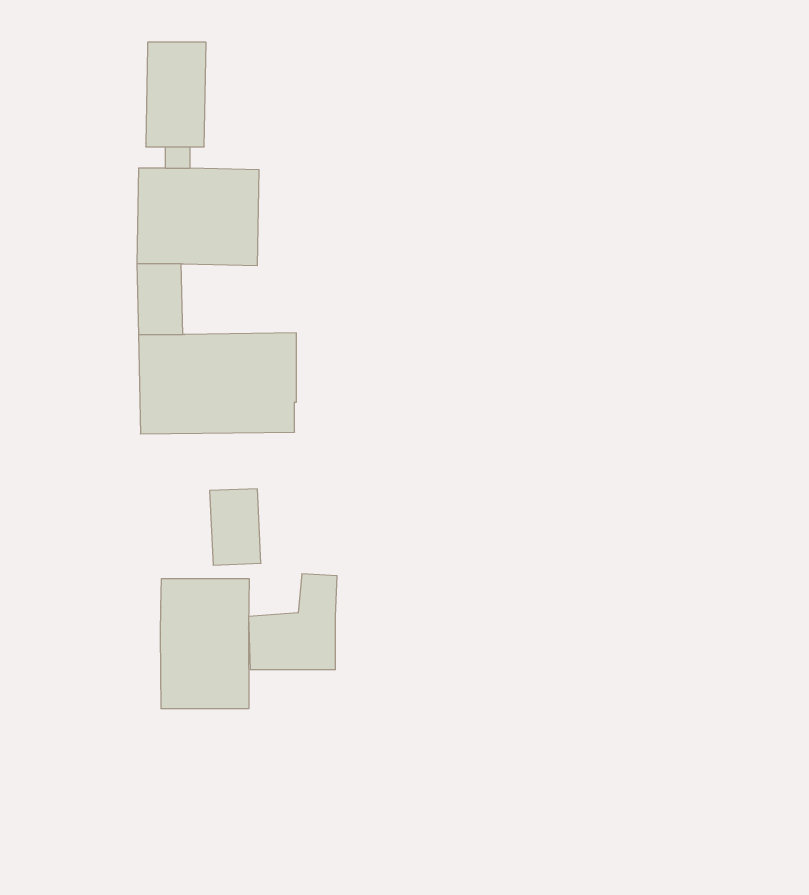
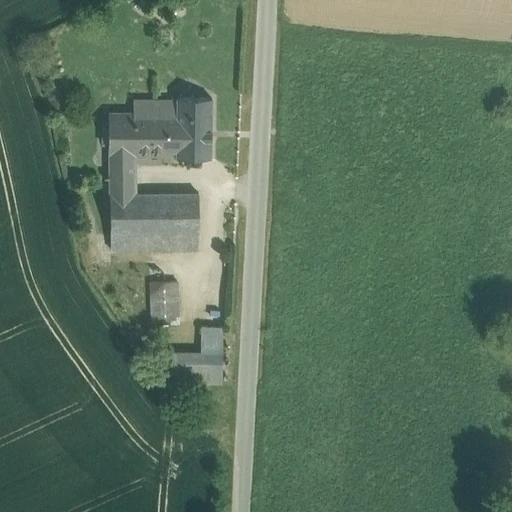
building: [146,42,206,147] -> [177,98,211,157]
building: [161,579,249,709] -> none

